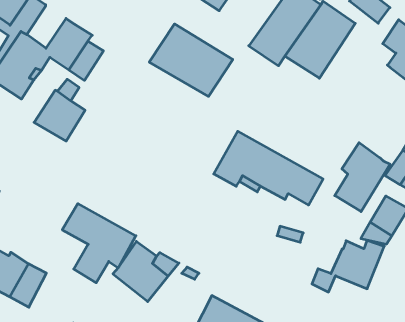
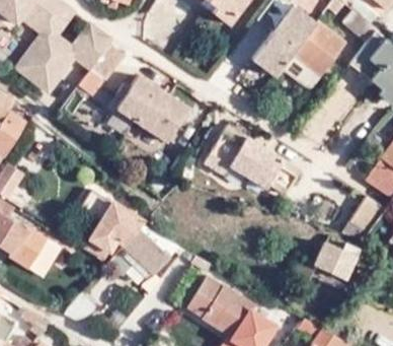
building: [149,24,233,96] -> [115,76,189,142]
building: [335,143,390,212] -> none

